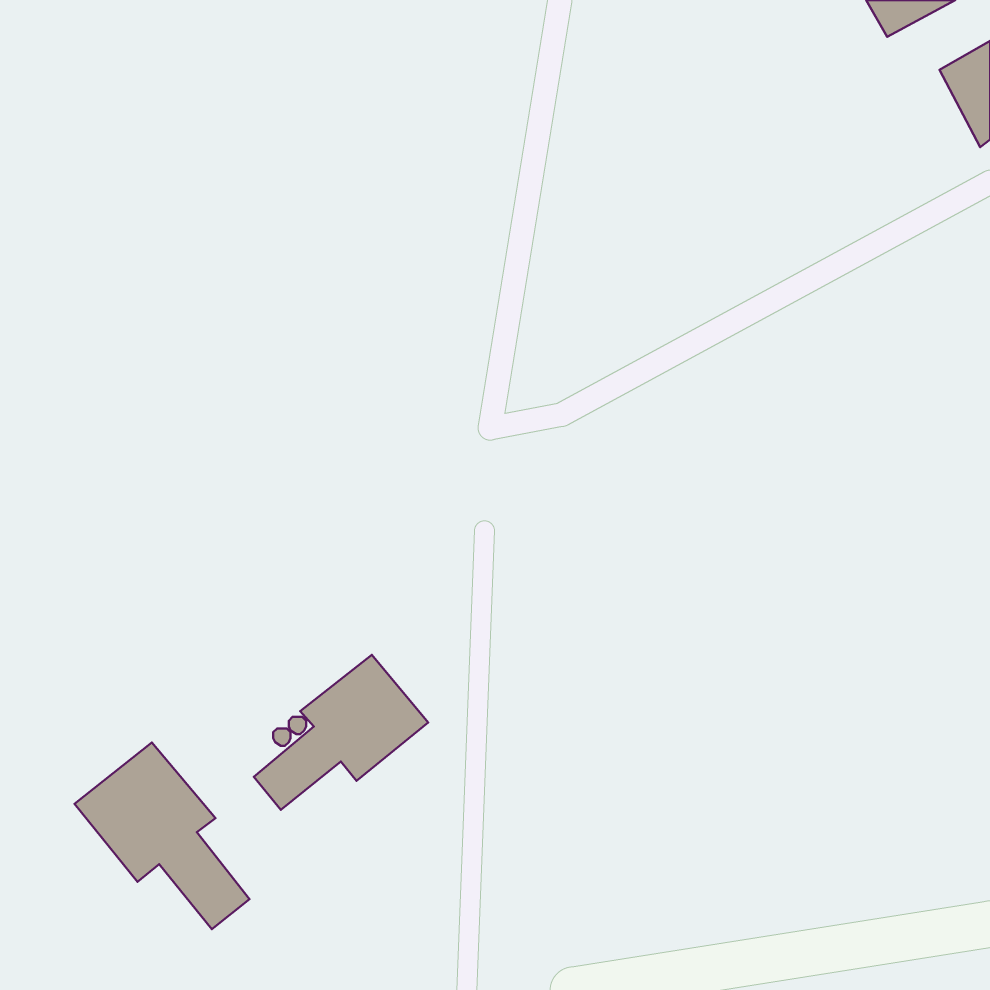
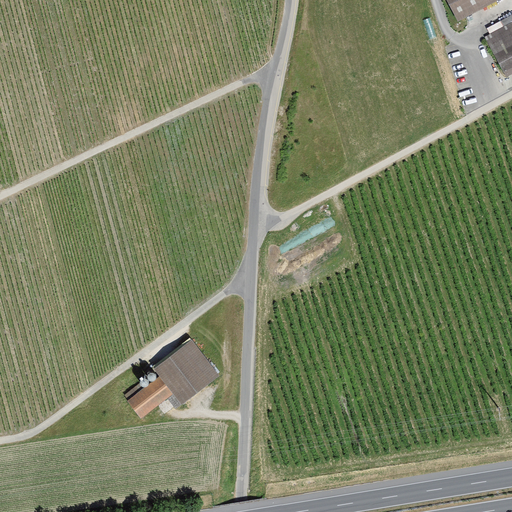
building: [74,743,249,929] -> none

